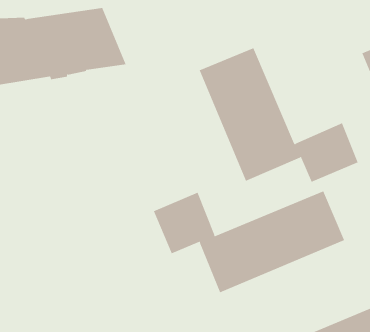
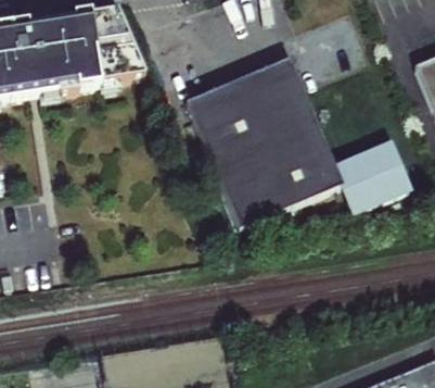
building: none -> [185,84,281,228]
building: [153,191,345,293] -> none

